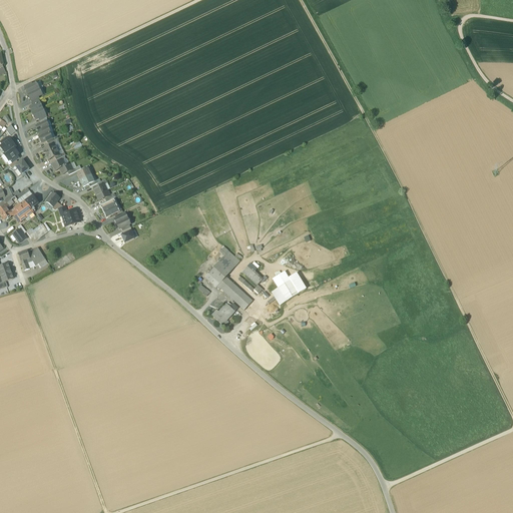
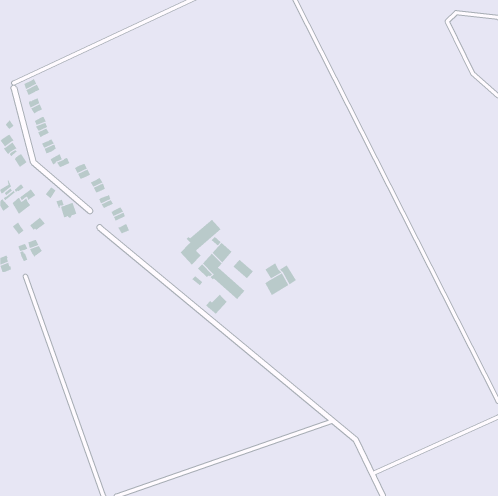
building: none -> [180,219,222,265]

